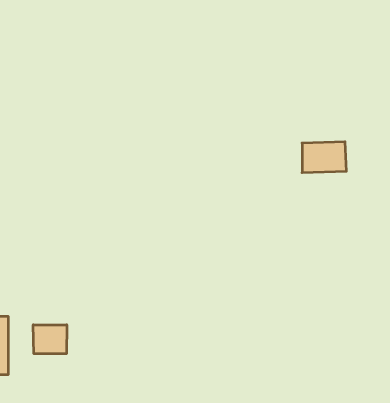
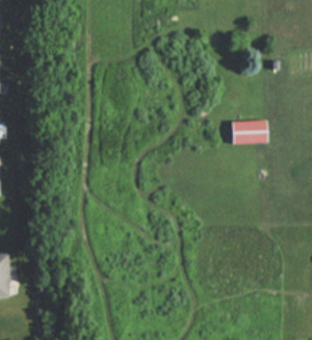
building: [33,325,67,354] -> none

